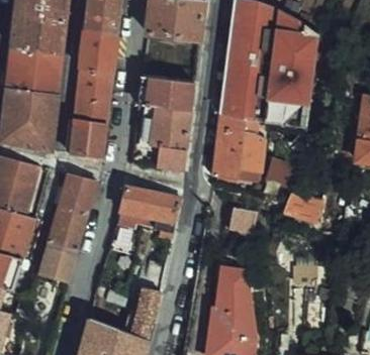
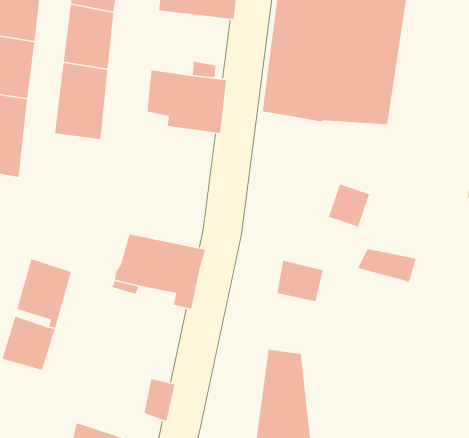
building: [211,105,260,170] -> none
building: [149,115,190,171] -> none
building: [71,120,107,158] -> none
building: [59,173,96,215] -> none

